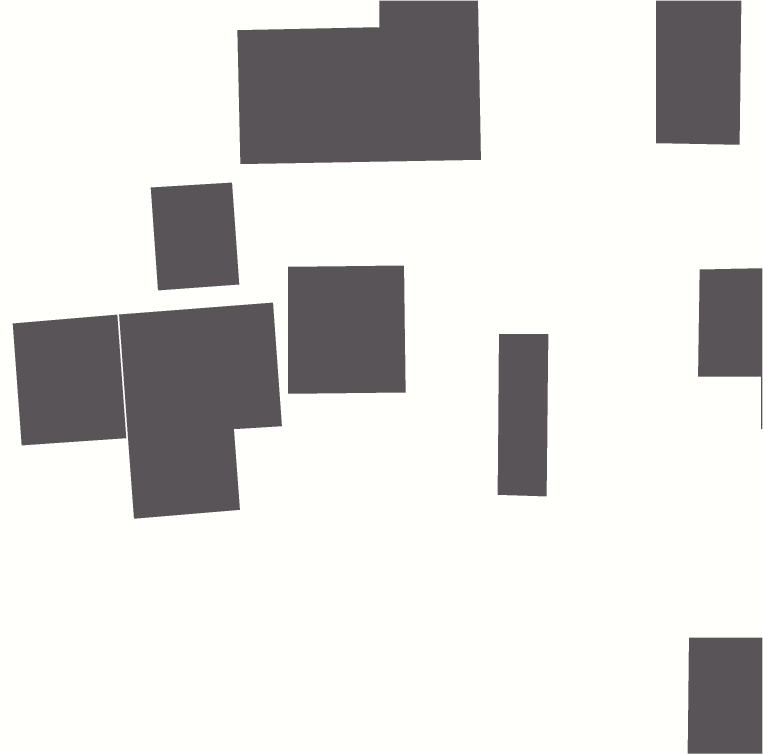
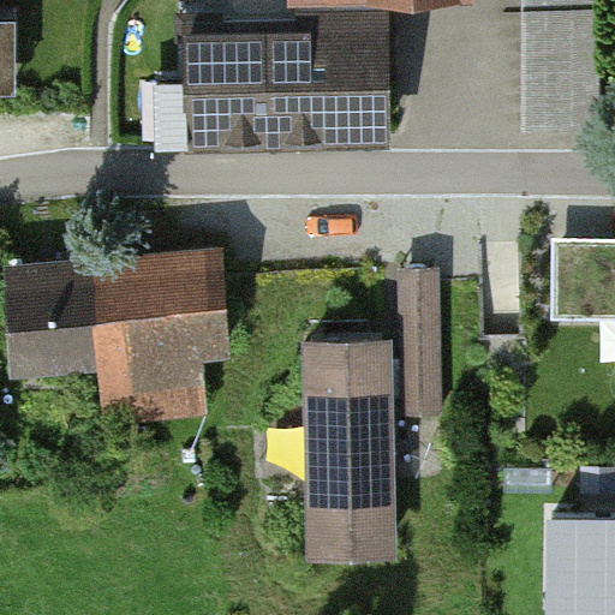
building: [150,182,240,291] -> none
building: [287,265,406,394] -> none
building: none -> [303,344,386,550]

